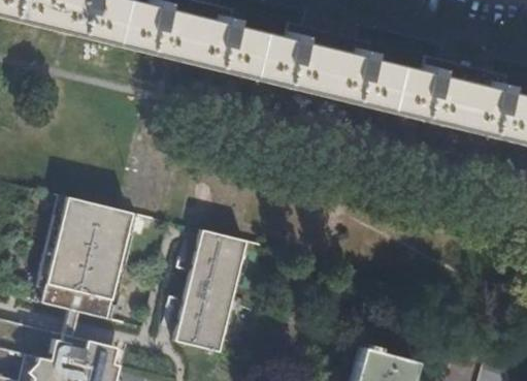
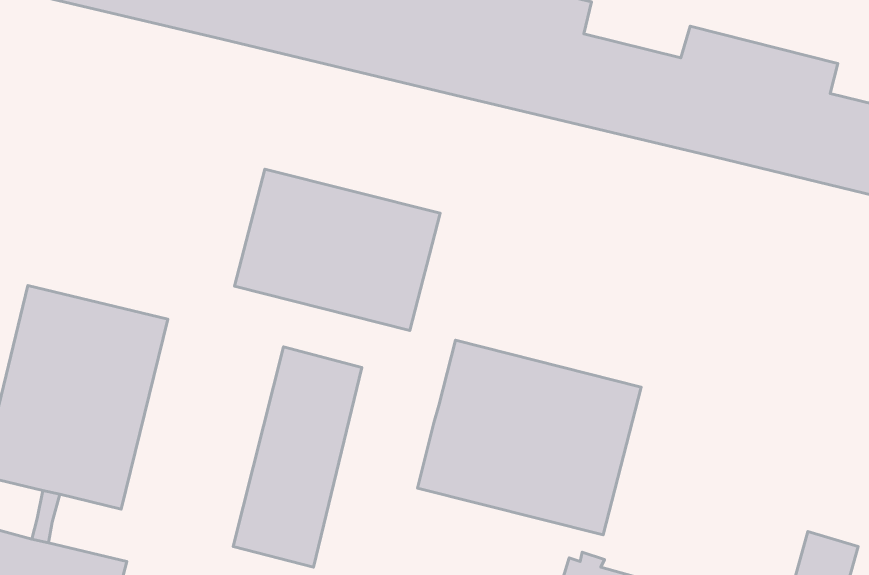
building: none -> [235,169,440,330]
building: none -> [417,340,641,535]

